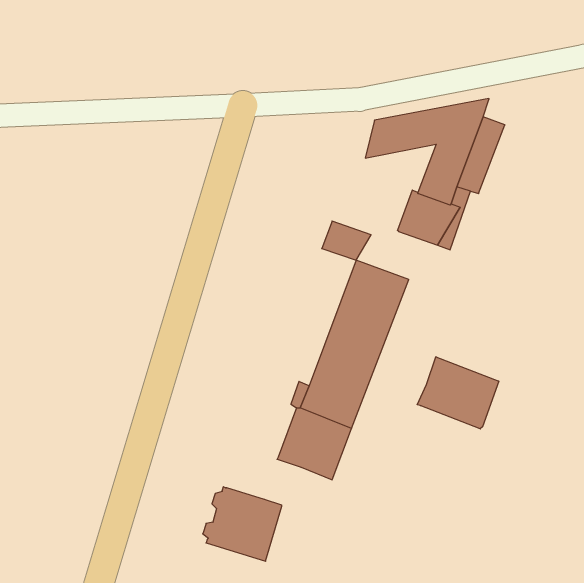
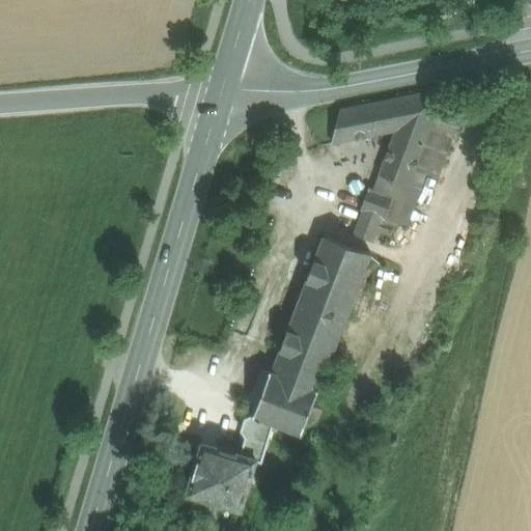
building: [322,221,371,260] -> [352,212,396,247]
building: [417,357,499,429] -> none
building: none -> [240,416,273,464]

